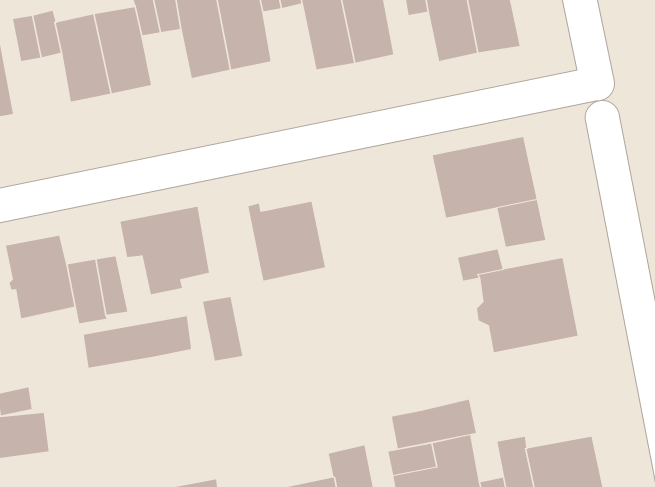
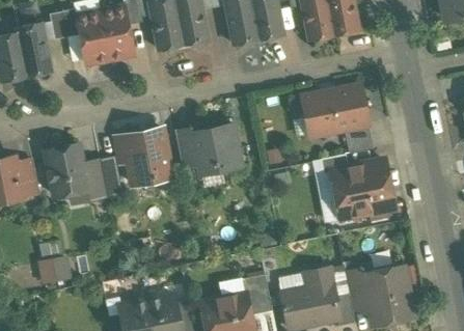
building: [202,296,243,361] -> [174,128,199,167]
building: [83,315,192,369] -> none
building: [391,399,476,449] -> none

